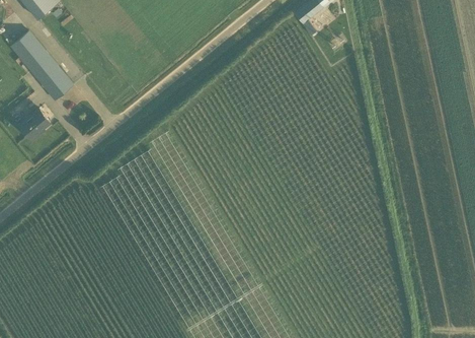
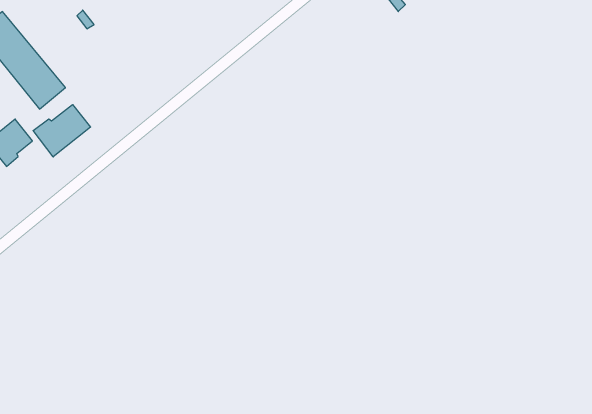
building: none -> [33,105,91,157]

